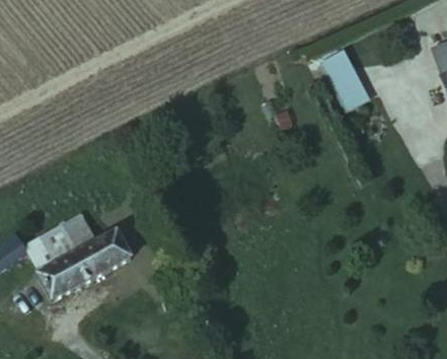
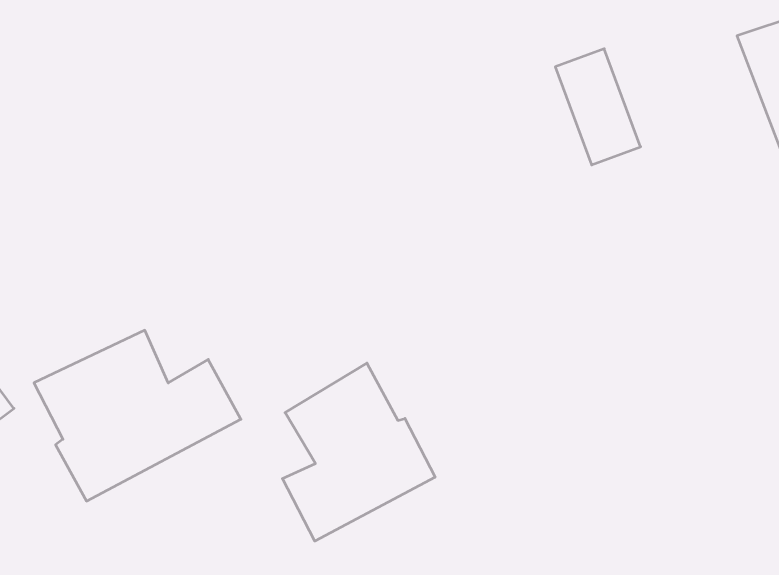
building: none -> [282,363,435,541]

